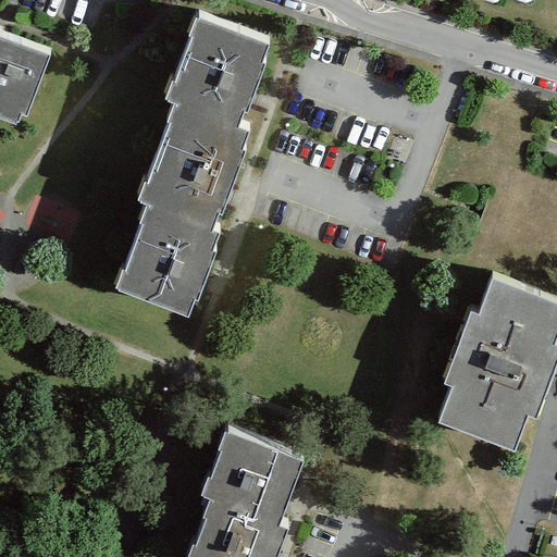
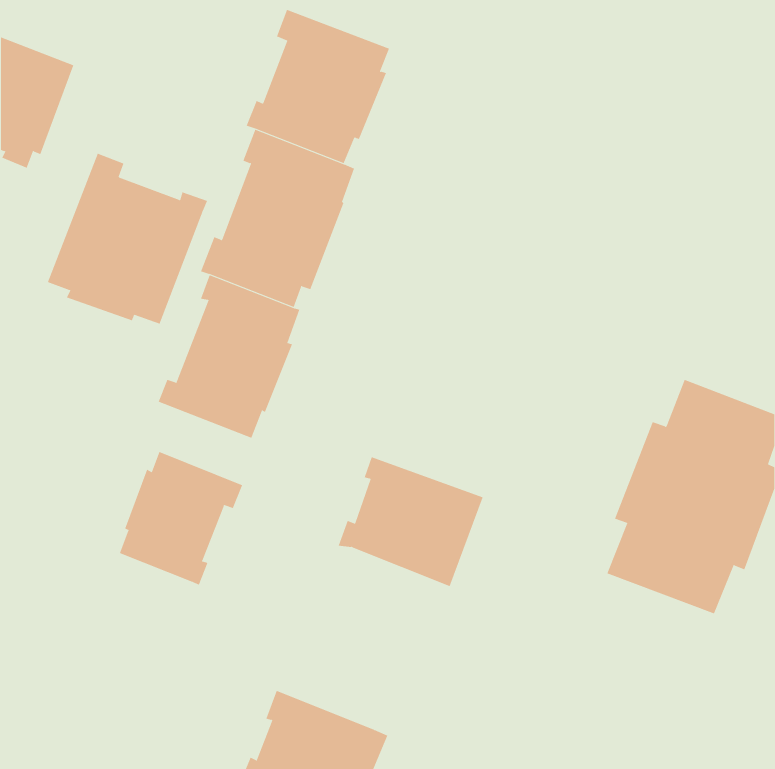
building: none -> [47,153,208,325]
building: none -> [119,451,243,586]
building: [188,434,293,528] -> [338,456,484,587]

